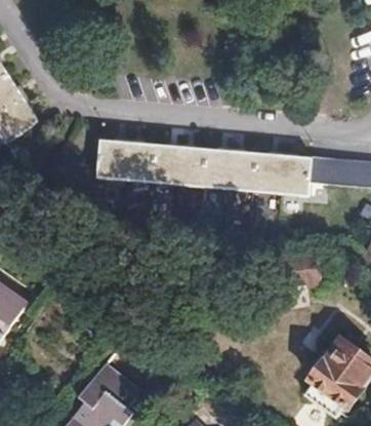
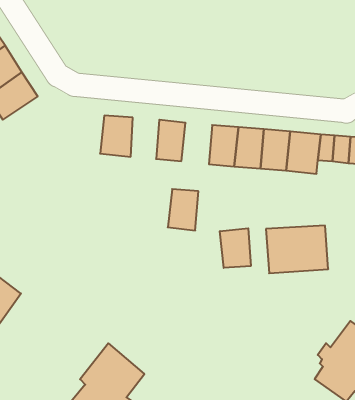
building: [128,142,156,182] -> none
building: [177,147,207,187] -> [168,189,198,230]
building: none -> [220,228,251,268]

